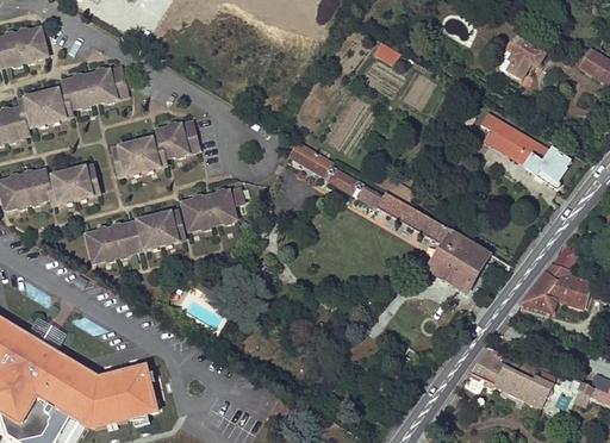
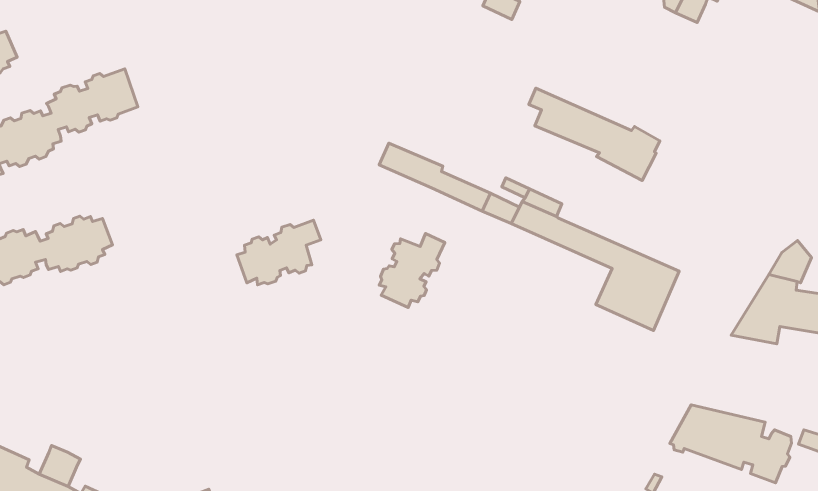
building: [481,113,569,186] -> [529,88,660,181]
building: [113,121,198,175] -> none
building: none -> [379,234,445,307]
building: [87,212,183,261] -> none

